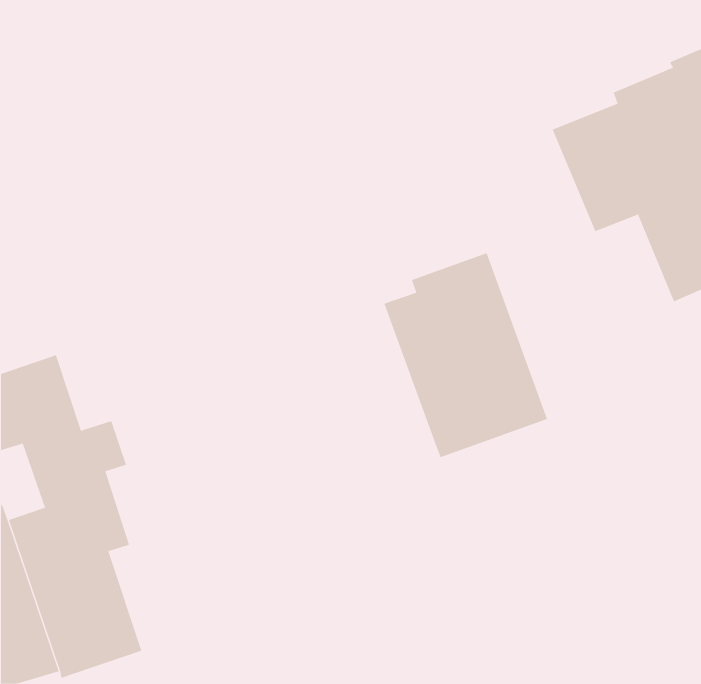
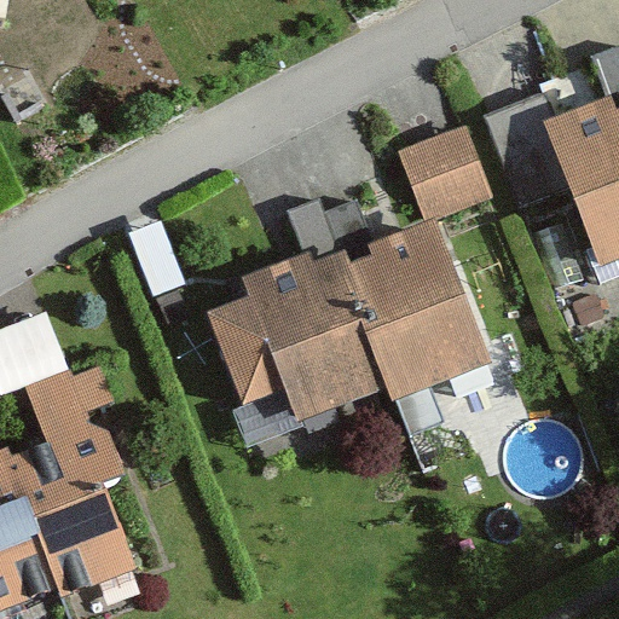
building: none -> [400,126,492,216]
building: none -> [208,254,384,422]

